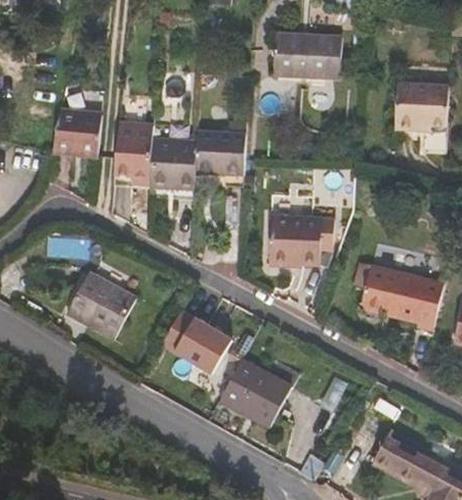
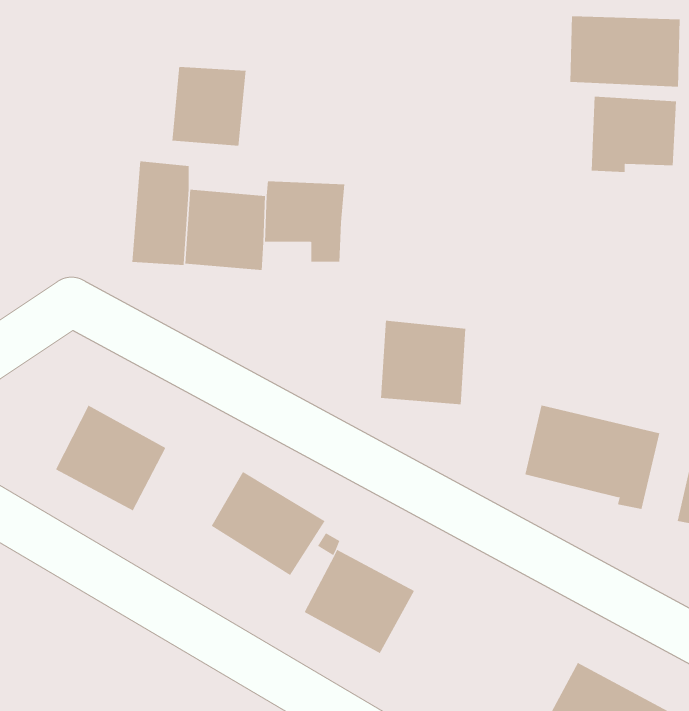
building: [274,32,342,76] -> [569,16,681,87]
building: none -> [172,66,246,147]
building: [52,107,102,154] -> none

